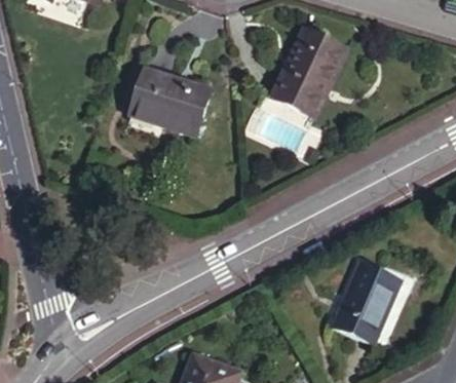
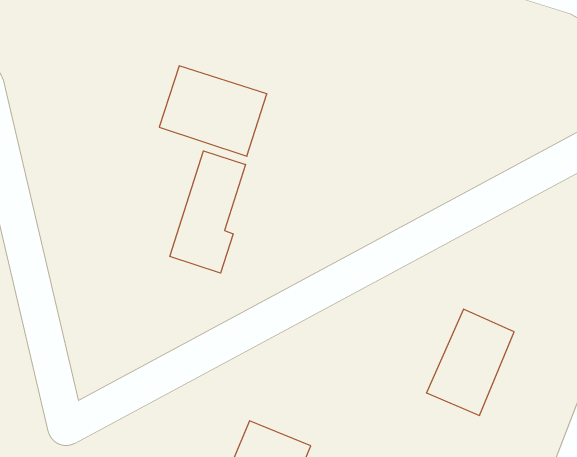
building: [270,29,341,117] -> none
building: none -> [170,151,246,273]

